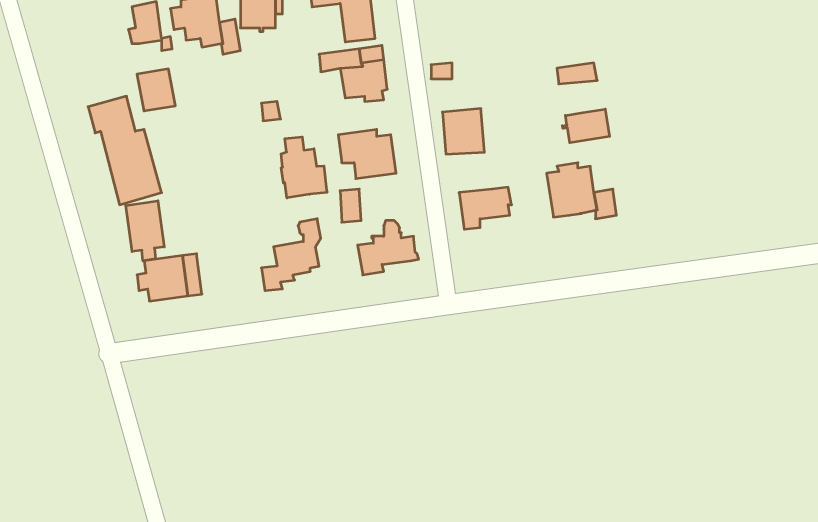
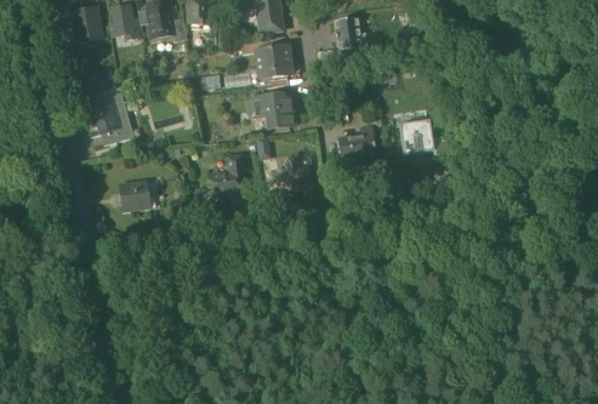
building: [137,69,175,111] -> [74,10,101,39]
building: [442,109,484,154] -> [336,15,365,46]
building: [562,109,610,143] -> none
building: [281,137,327,198] -> none
building: [126,201,164,261] -> none

